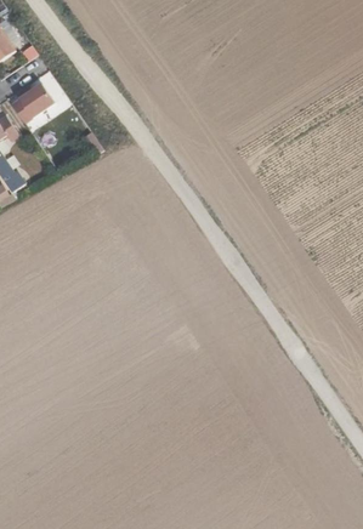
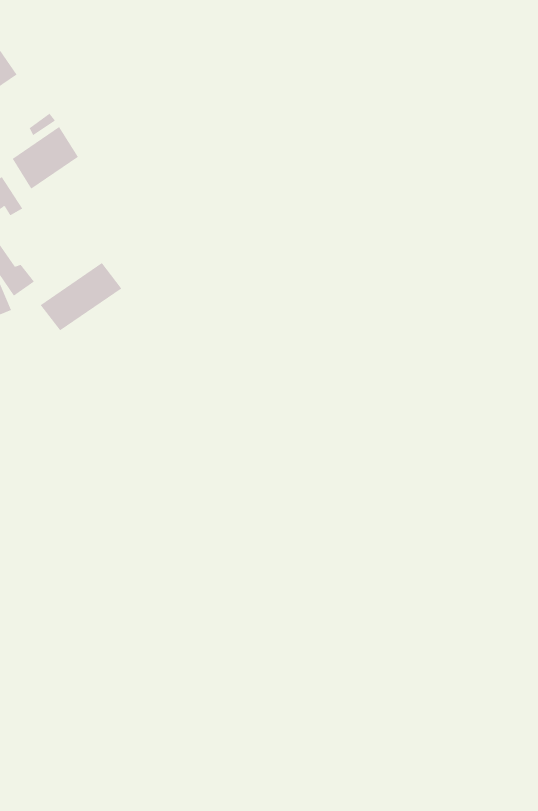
building: none -> [40,262,122,331]

